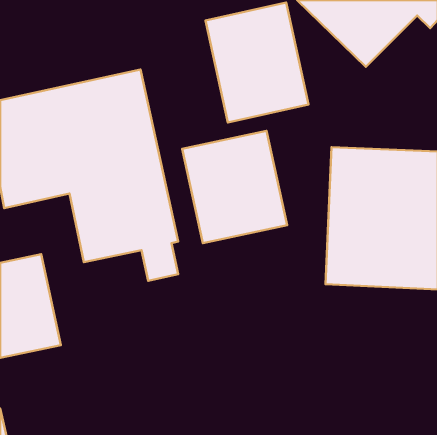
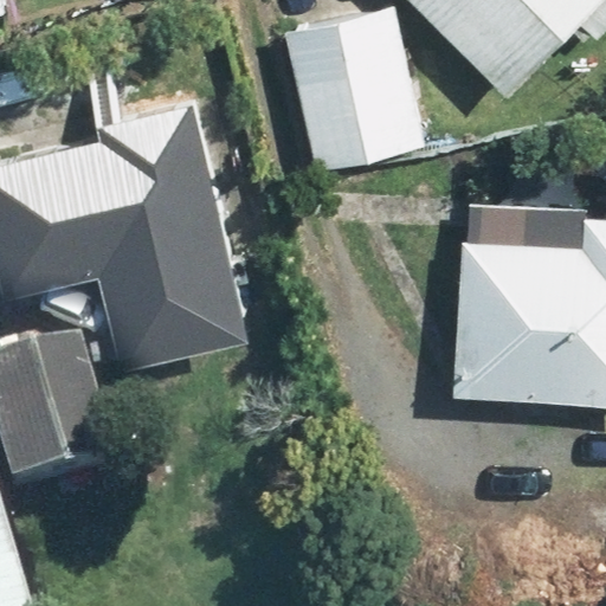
building: [182,131,287,243] -> none

